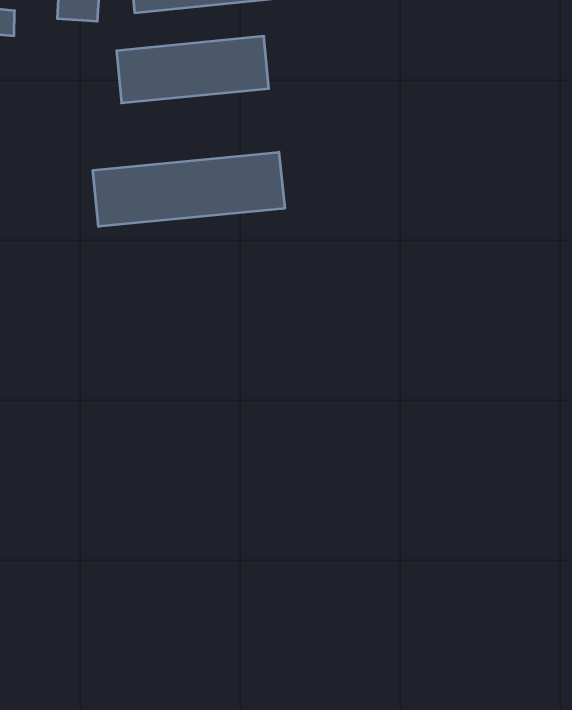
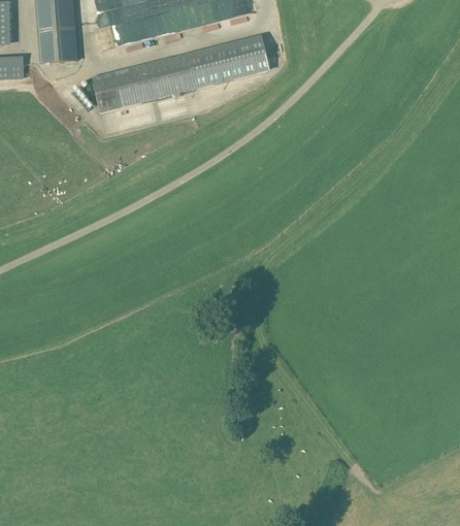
building: none -> [188,35,268,88]
building: [93,152,285,227] -> none

